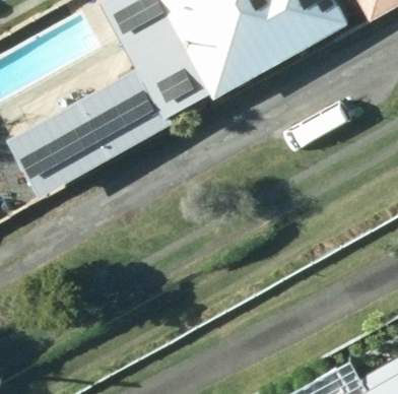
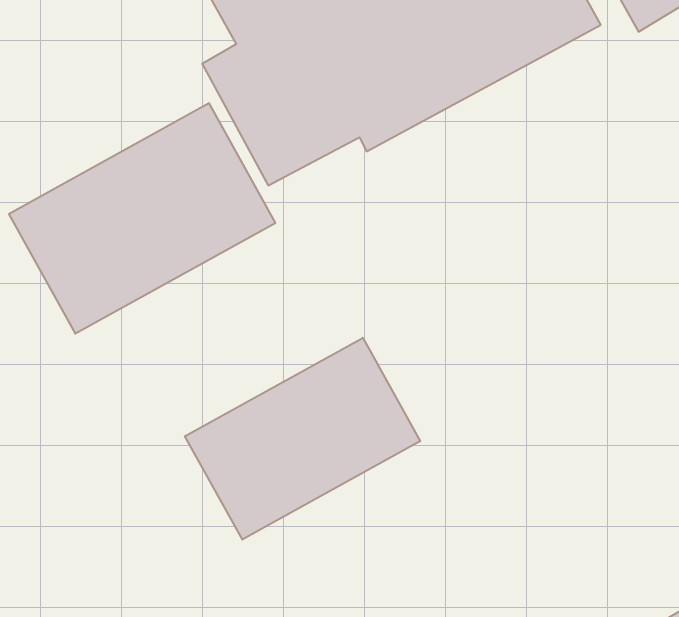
building: none -> [185,338,420,540]

